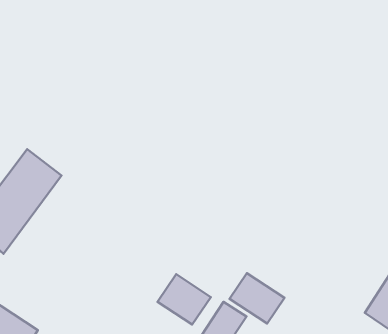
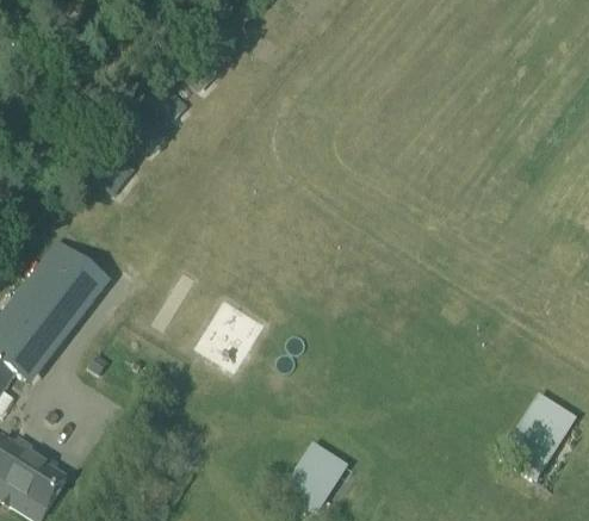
building: [230,273,284,323] -> none
building: [158,274,211,325] -> none

